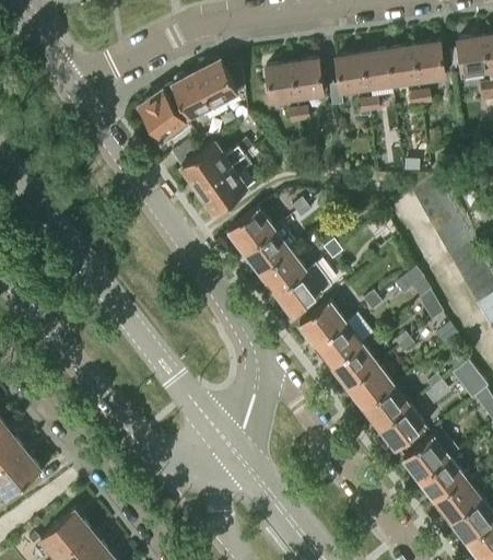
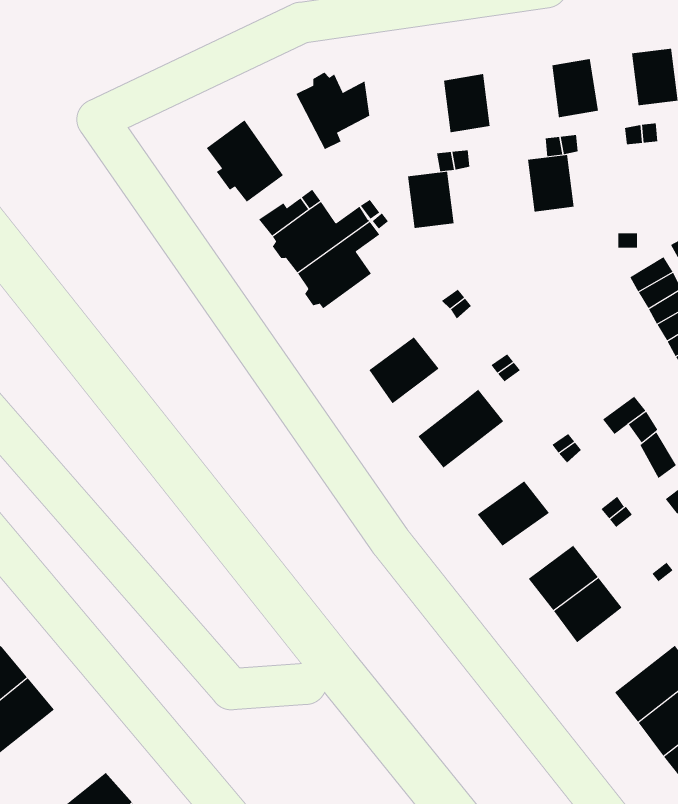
building: [387,47,418,84] -> none
building: [336,55,366,92] -> [527,154,575,212]
building: [266,65,296,102] -> [407,171,455,229]
building: [172,73,215,117] -> none
building: [227,209,273,252] -> none
building: [259,250,305,294] -> none
building: [298,302,344,345] -> none
building: [330,343,376,386] -> none
building: [378,405,425,450] -> none

